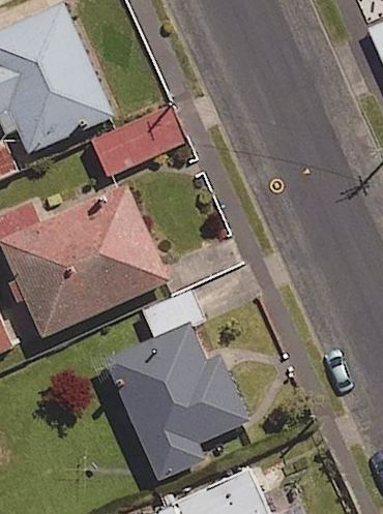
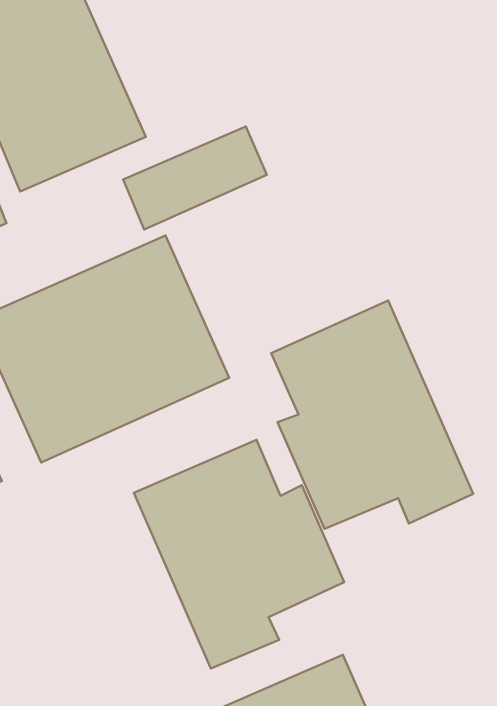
building: none -> [271,301,473,529]

